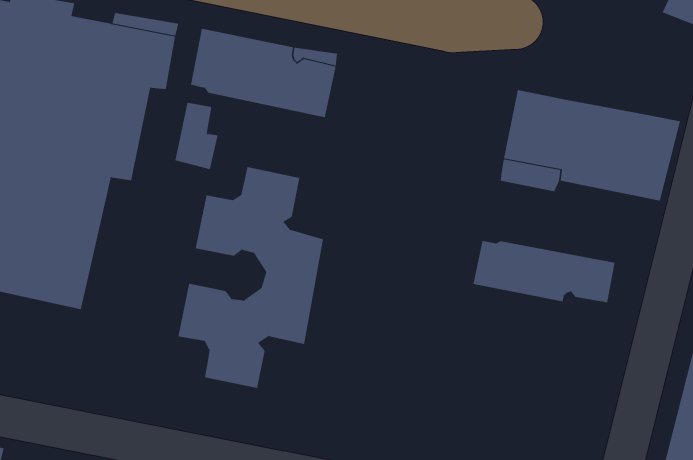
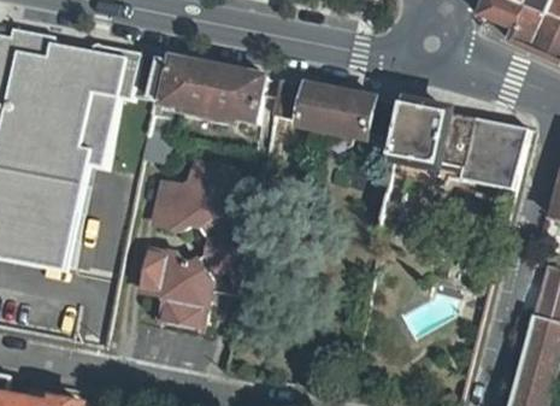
building: none -> [273,76,402,137]
building: [473,240,615,303] -> none

